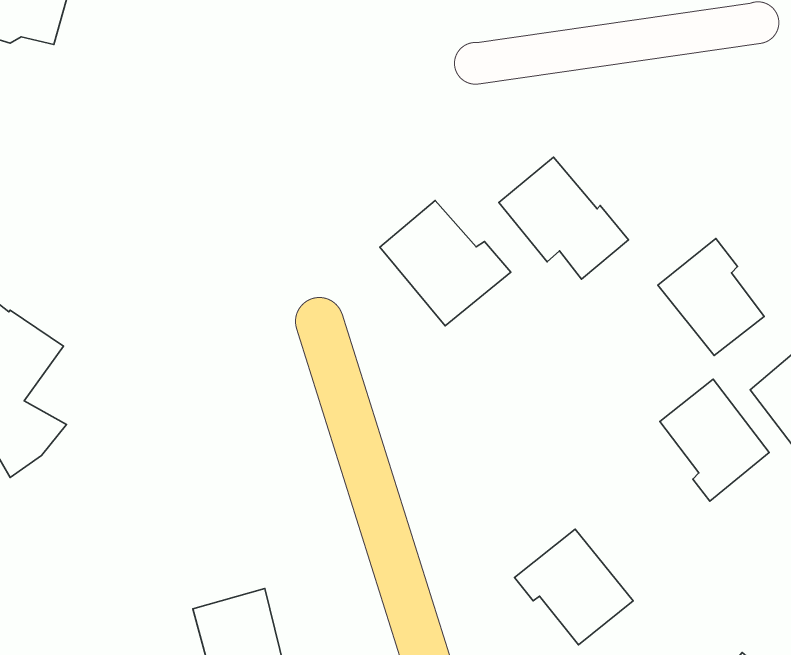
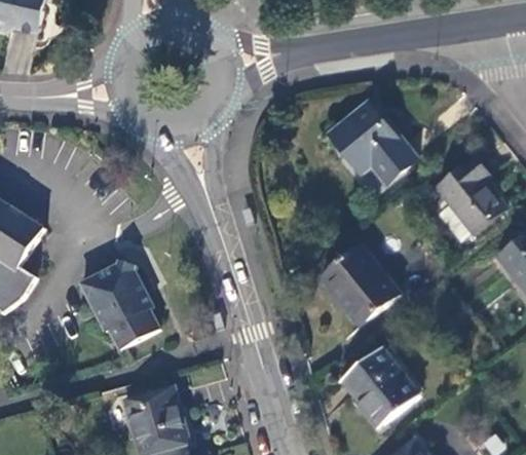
building: [380,200,511,326] -> none
building: [660,379,769,501] -> [324,247,396,327]
building: none -> [79,259,158,348]

